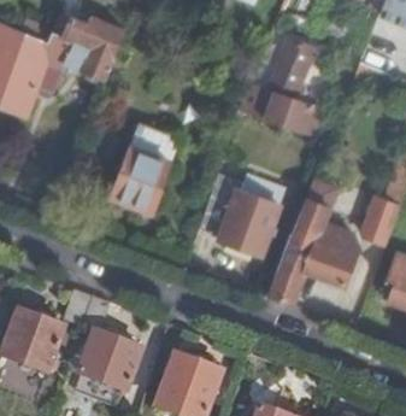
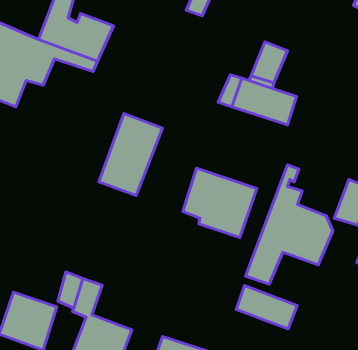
building: none -> [236,285,297,329]

